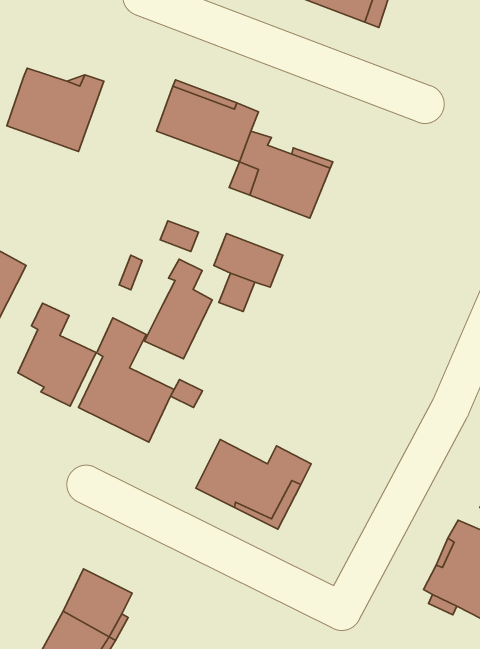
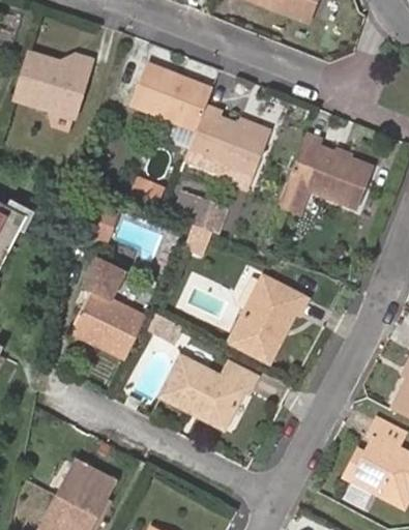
building: none -> [282,131,377,212]
building: [145,259,212,359] -> none
building: [18,303,96,406] -> none
building: none -> [226,278,305,366]

